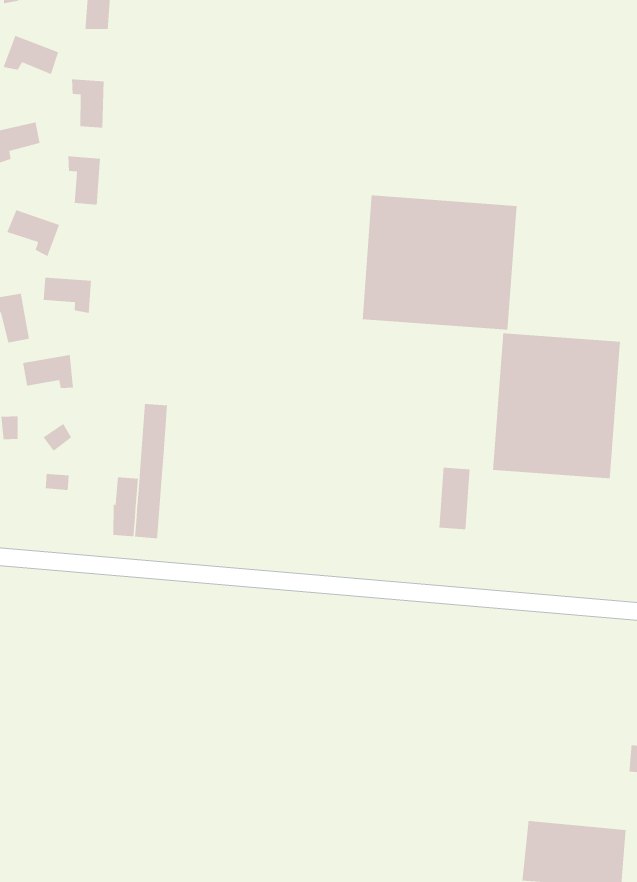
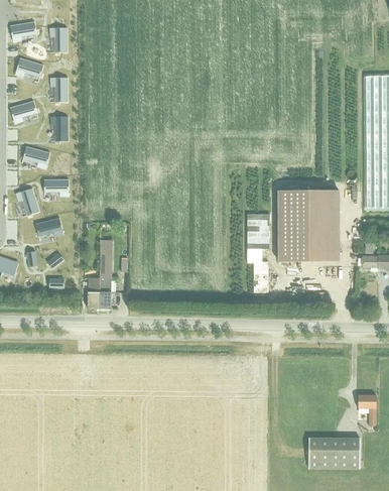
building: [362,195,517,331] -> none

